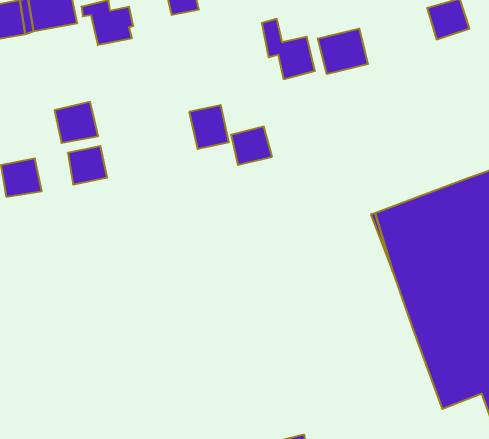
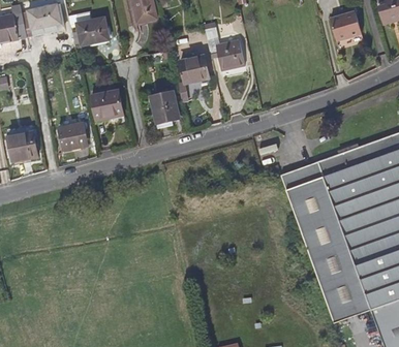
building: [318,29,368,74] -> none
building: [55,102,98,143] -> [90,89,123,120]
building: [231,127,272,165] -> [178,55,209,84]

